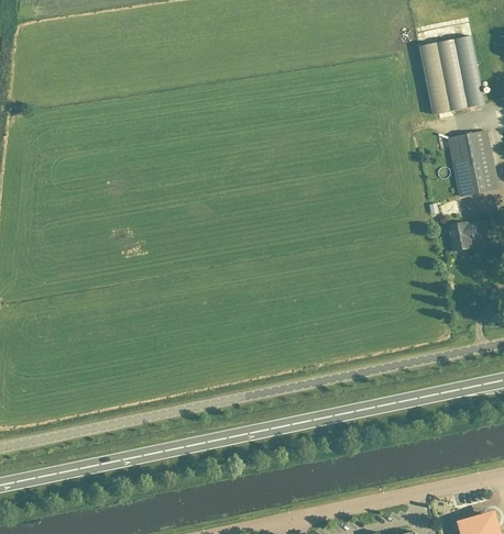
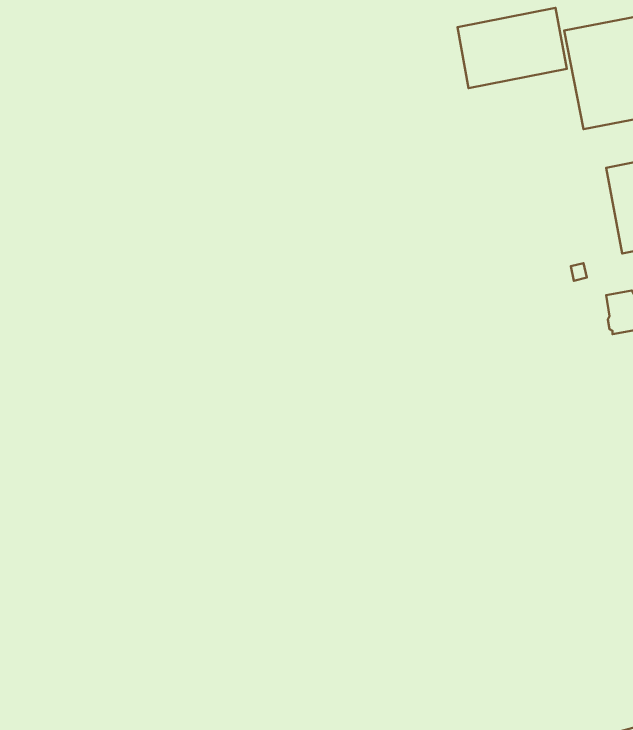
building: none -> [457,8,567,88]

